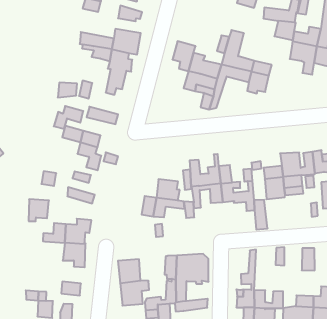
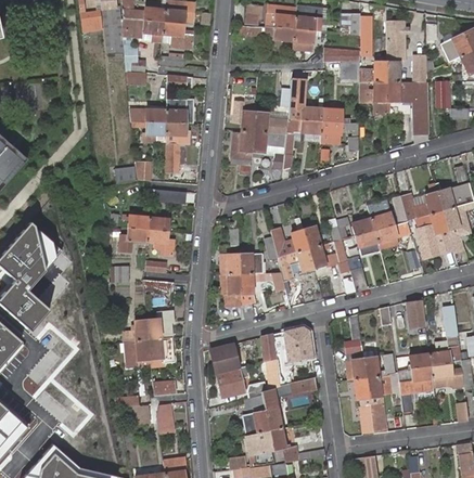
building: none -> [231,131,253,162]
building: [54,106,83,129] -> [119,227,149,251]
building: none -> [220,255,241,275]
building: [29,199,49,221] -> [128,340,151,366]

